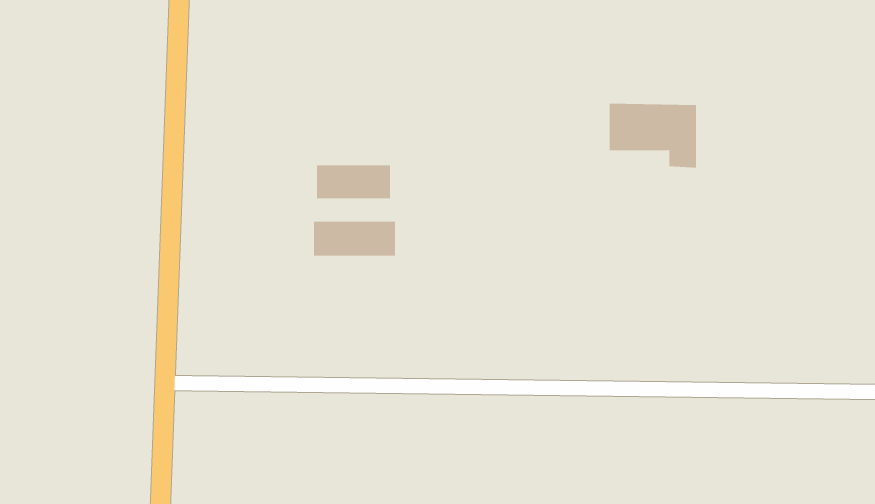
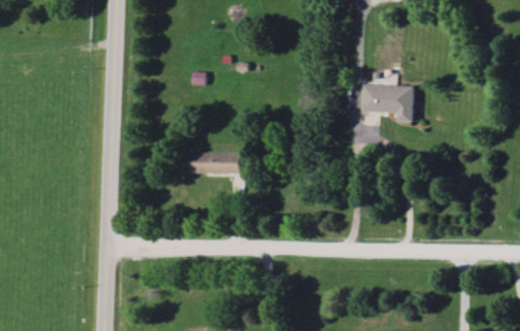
building: [316,164,390,199] -> none

